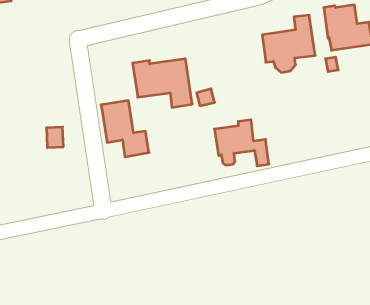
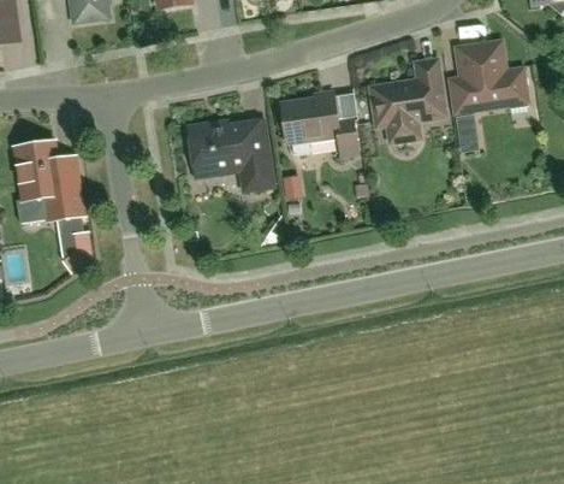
building: [101,101,149,157] -> [16,140,83,219]
building: [214,120,269,166] -> [281,90,358,155]

